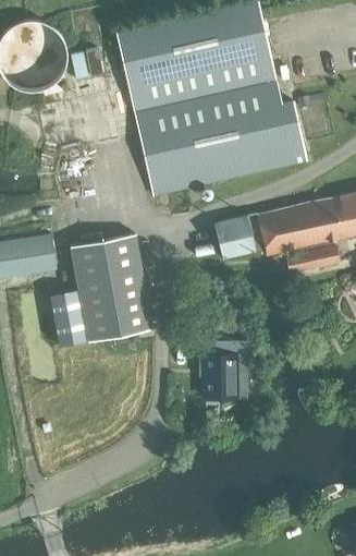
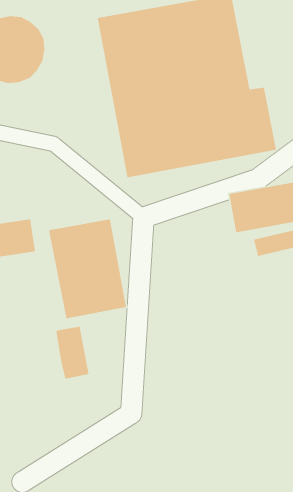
building: [216,213,259,257] -> none
building: [49,291,85,348] -> [55,326,90,380]
building: [197,342,246,399] -> none

